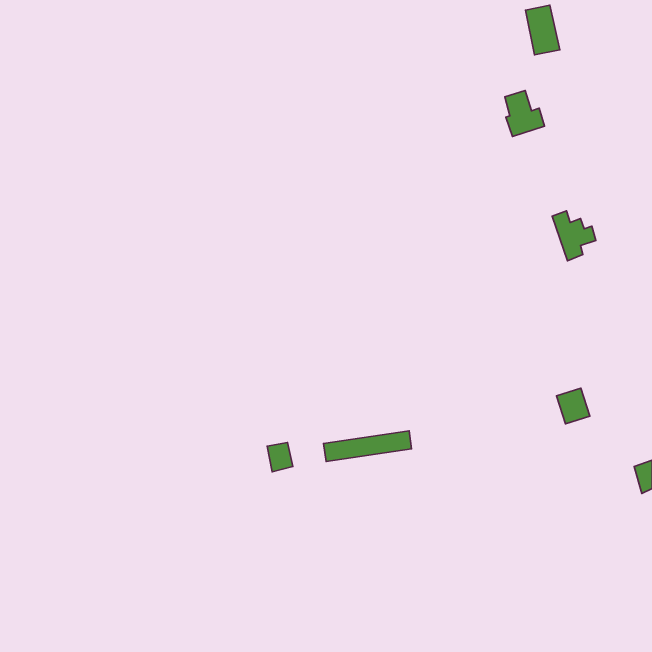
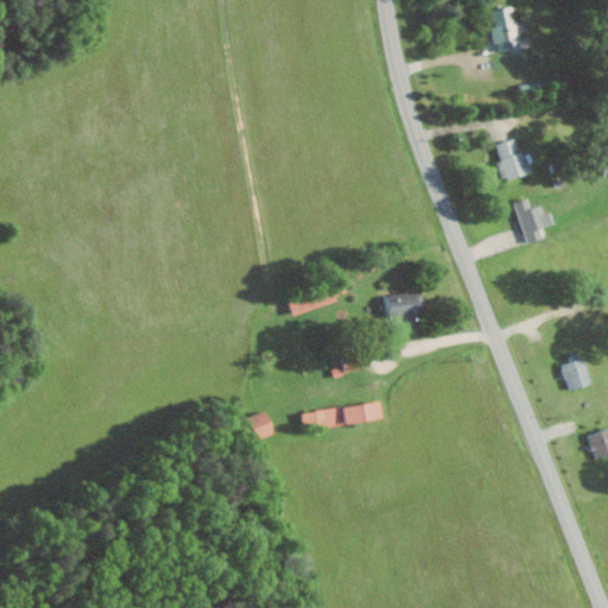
building: [505,90,544,136] -> [495,138,532,180]
building: none -> [385,291,423,323]
building: [557,388,590,424] -> [560,357,591,391]

